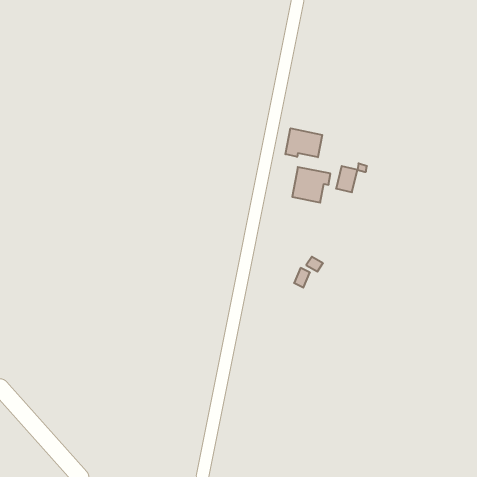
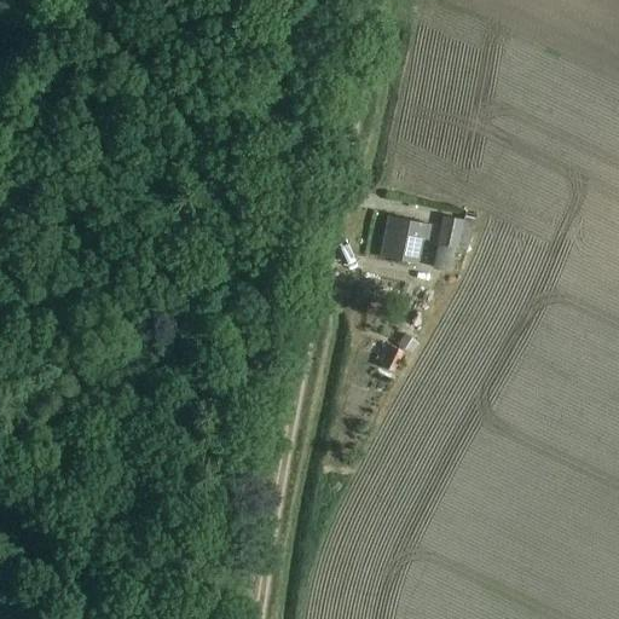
building: [285,128,322,157] -> none

